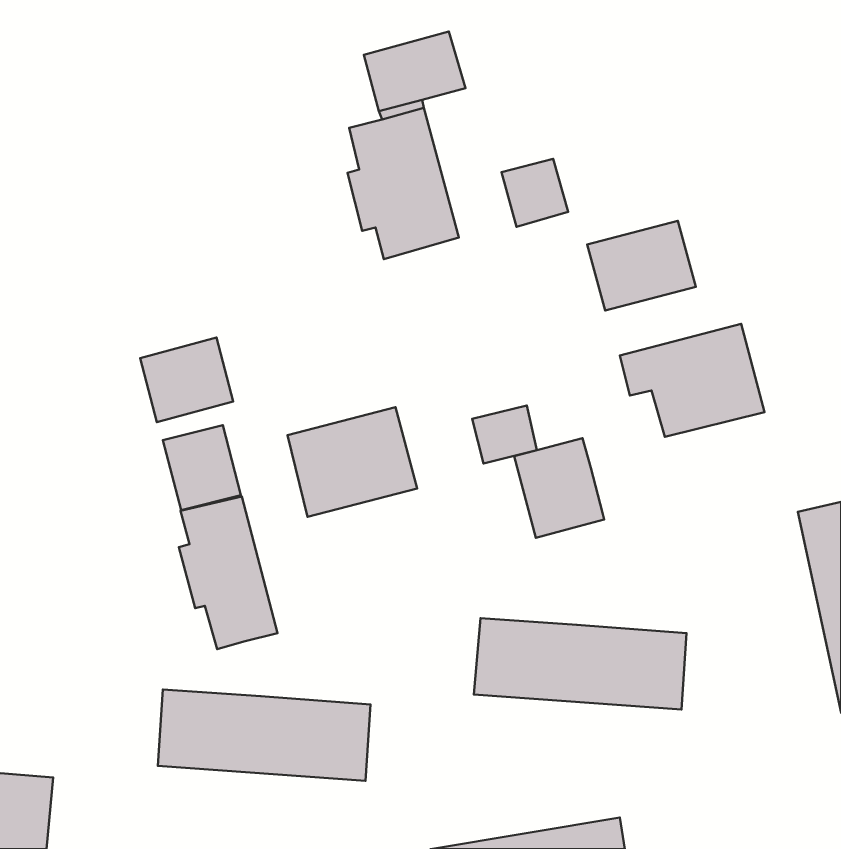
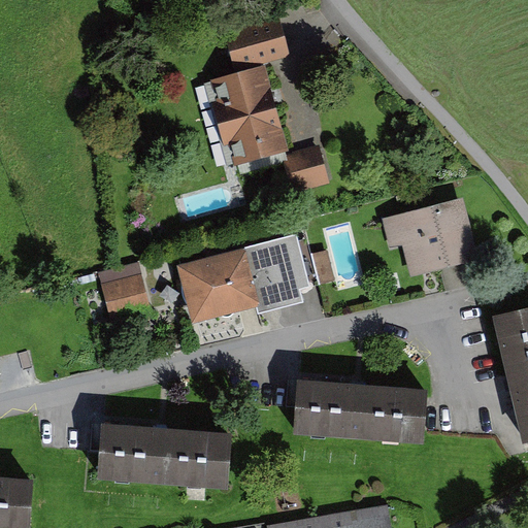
building: [502,159,568,227] -> [286,147,327,190]
building: [587,221,696,310] -> none
building: [140,338,233,422] -> none
building: [514,438,604,538] -> [245,241,301,303]
building: [179,497,278,649] -> none

